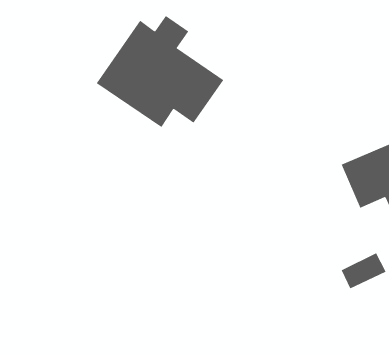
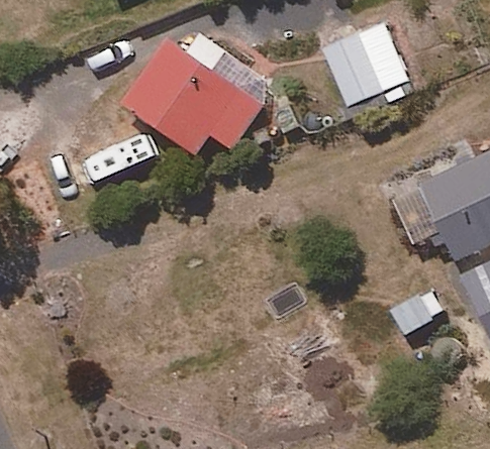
building: none -> [323,23,406,104]

